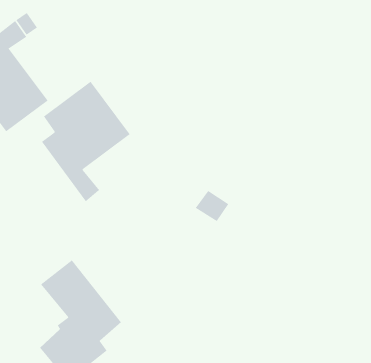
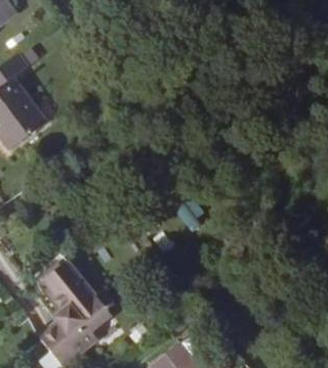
building: [41,81,131,202] -> none

